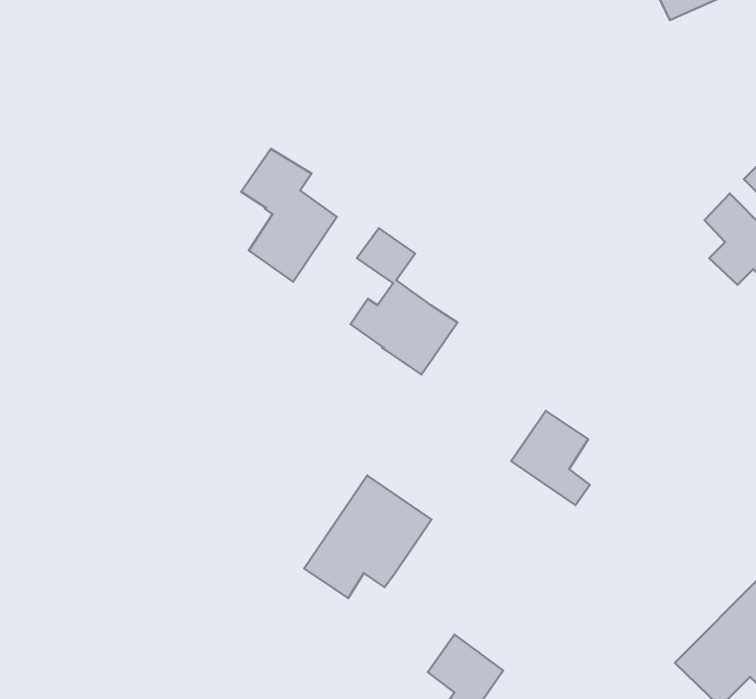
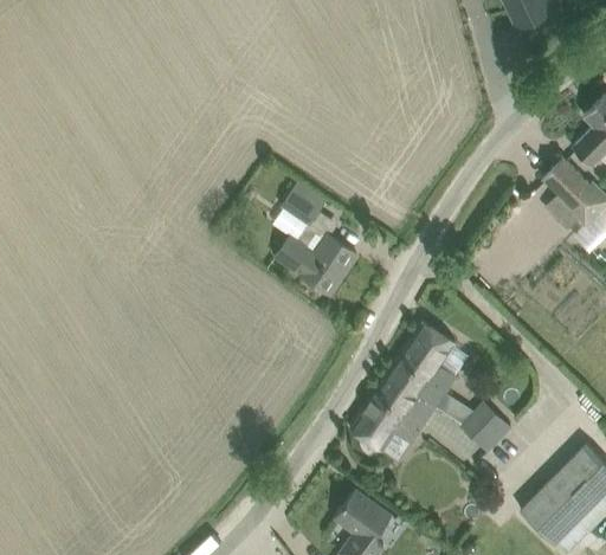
building: [241,149,337,282] -> none
building: [304,475,432,598] -> [350,360,446,452]
building: none -> [462,404,510,452]

